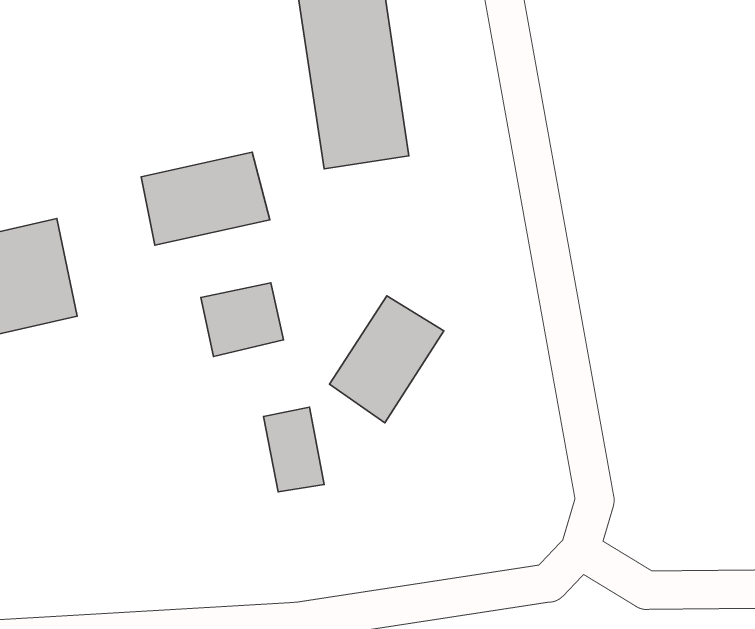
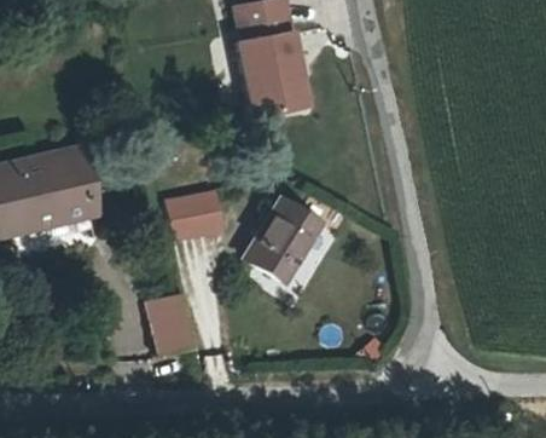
building: [141,152,270,245] -> none
building: [263,407,324,492] -> [153,294,193,350]

